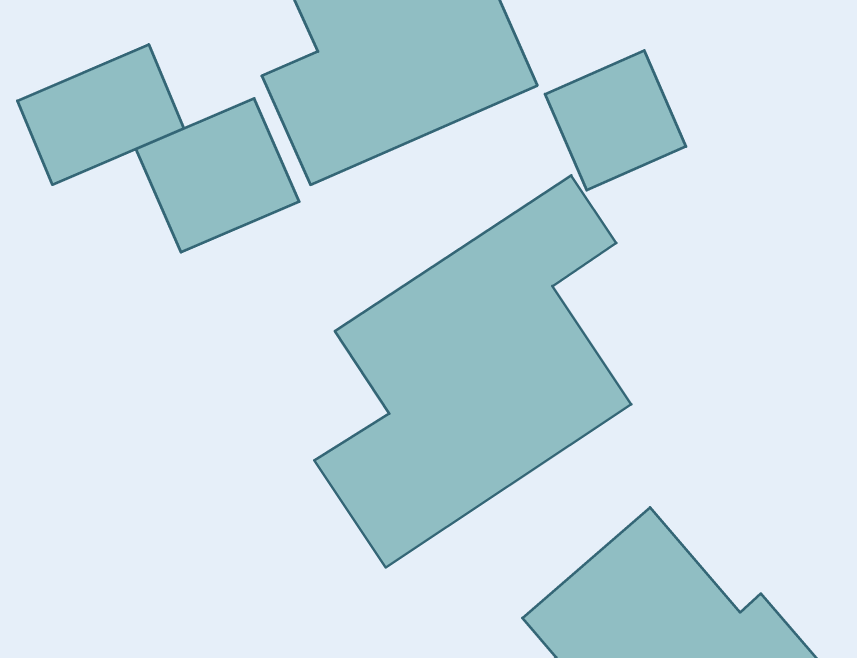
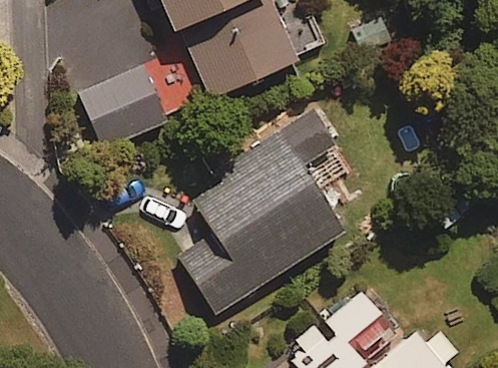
building: [17,44,184,185] -> none
building: [545,50,686,190] -> none

